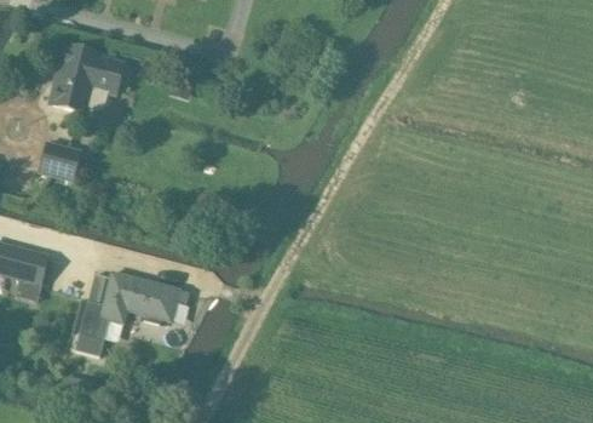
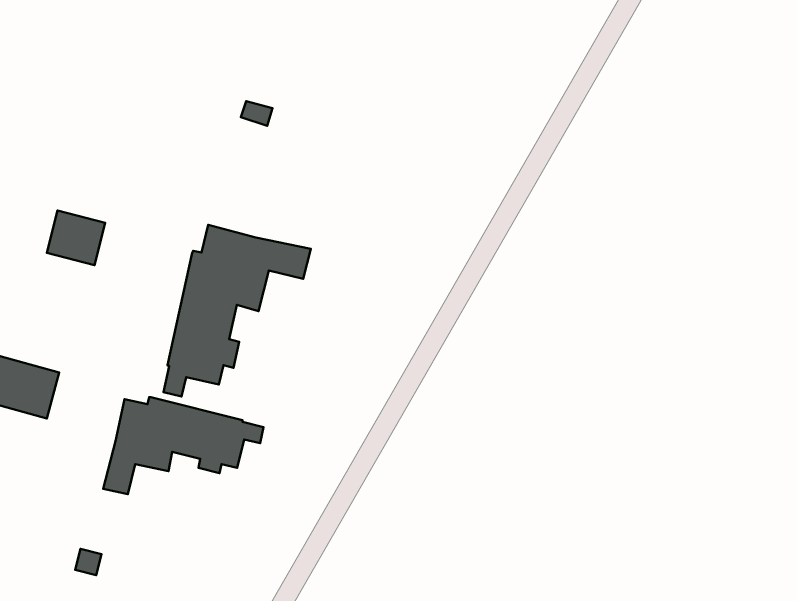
building: [50,48,122,116] -> none
building: none -> [163,225,311,397]

